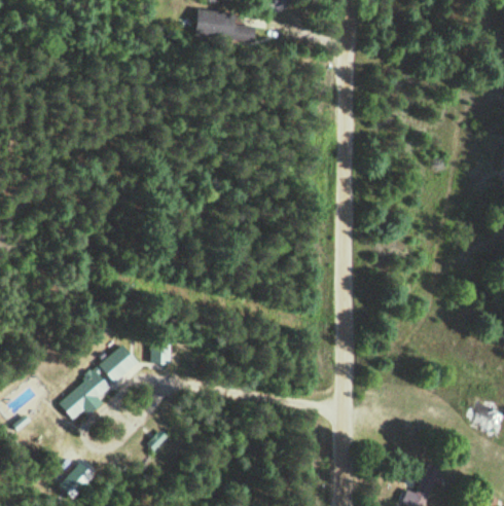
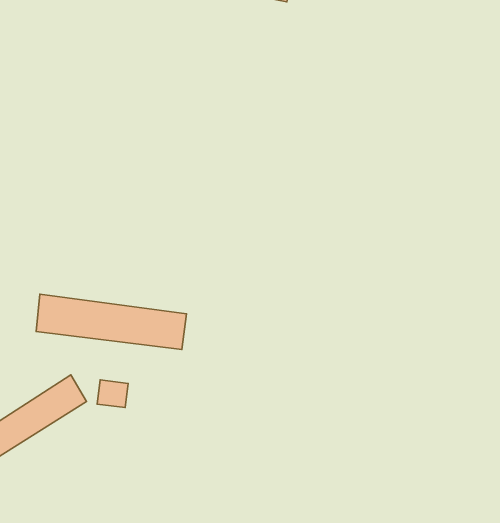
building: none -> [36,294,186,350]

